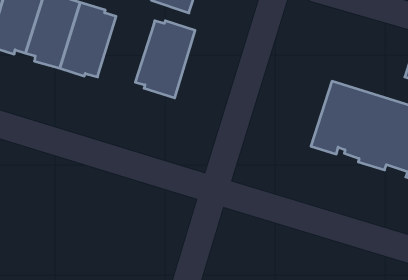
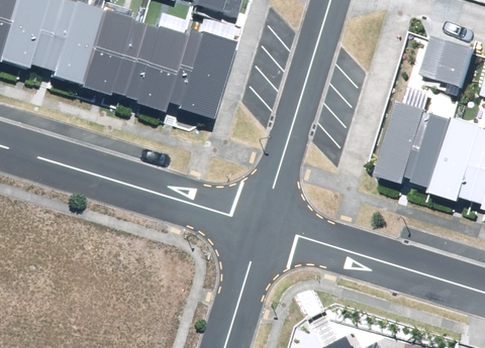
building: none -> [126,23,191,111]
building: none -> [418,34,475,87]

